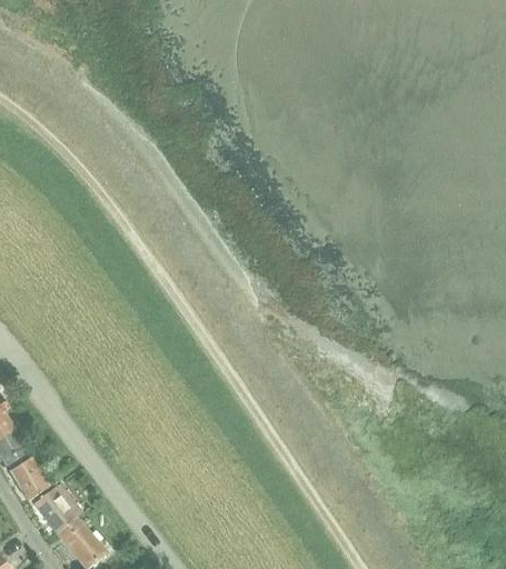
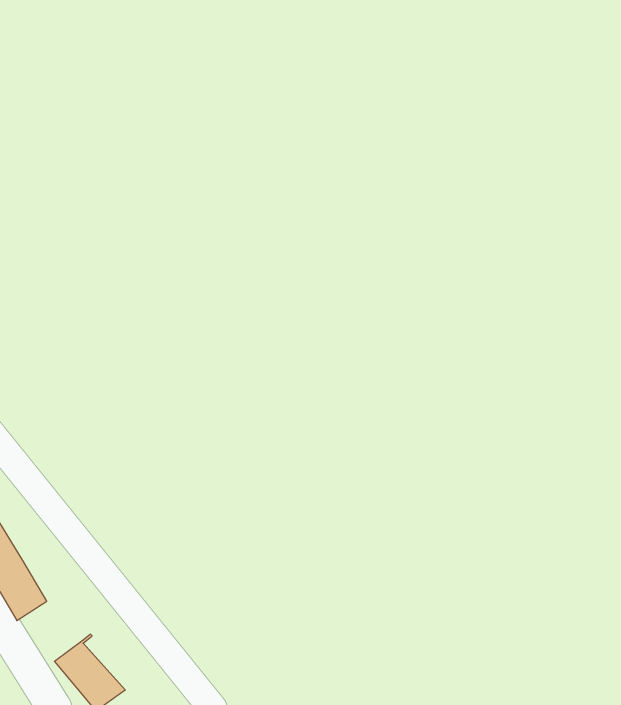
building: [33,482,81,530] -> none

